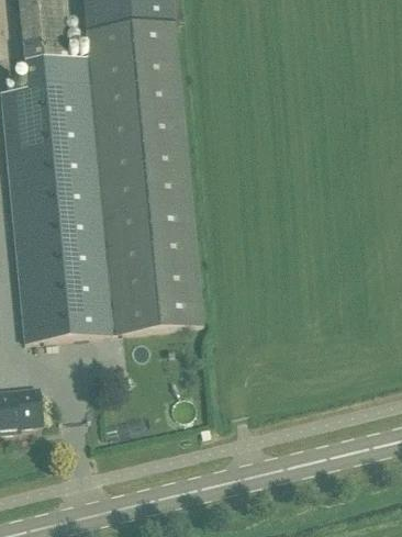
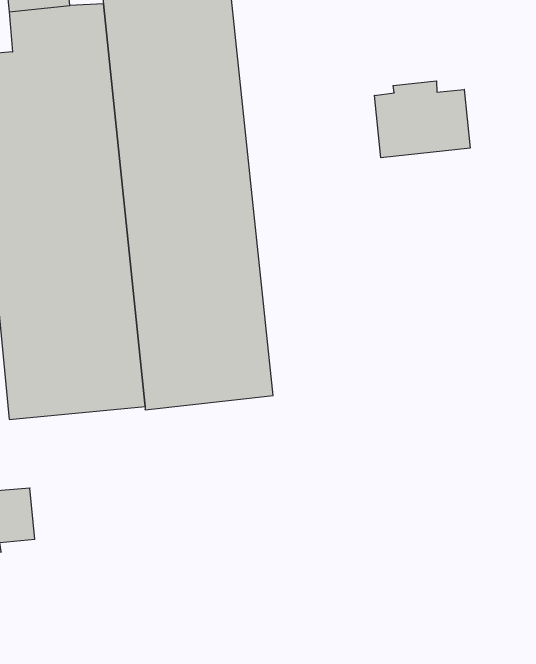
building: none -> [374,81,470,158]

